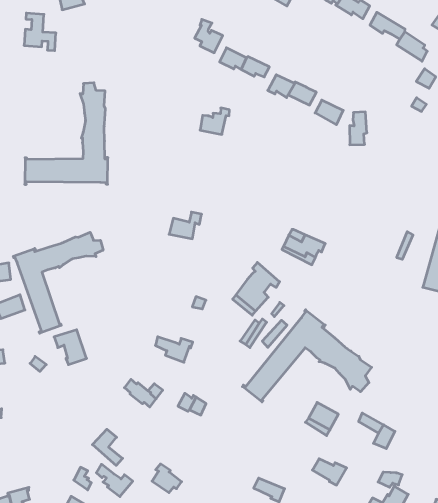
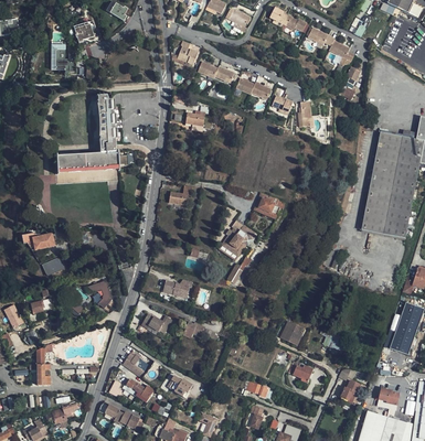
building: [13,232,103,333] -> none
building: [242,310,372,402] -> none

